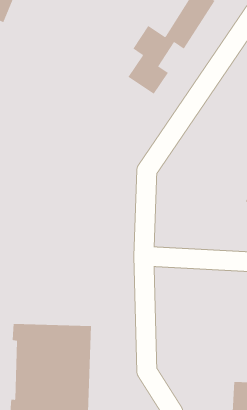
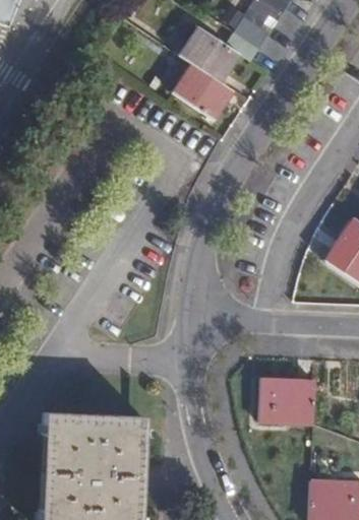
building: none -> [261,379,315,422]

